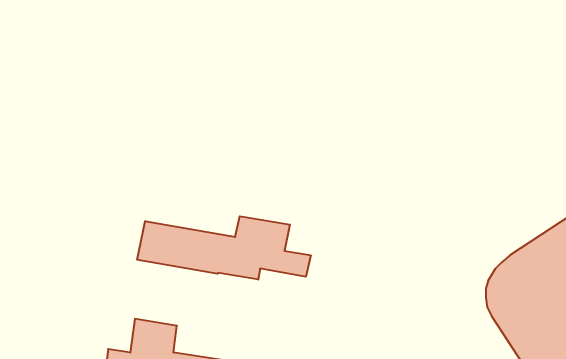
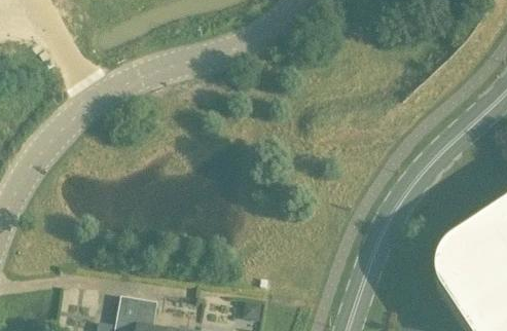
building: [137,216,311,280] -> none

